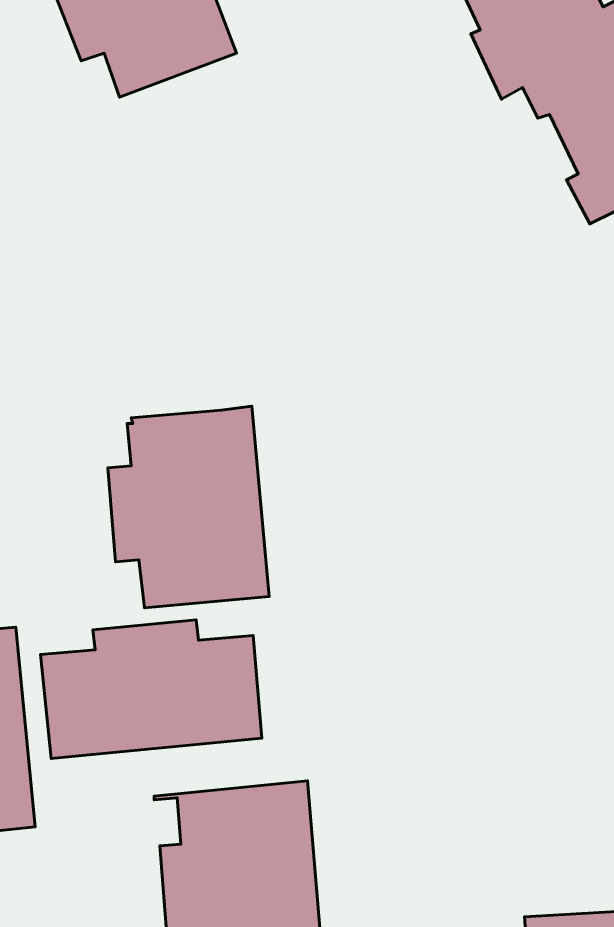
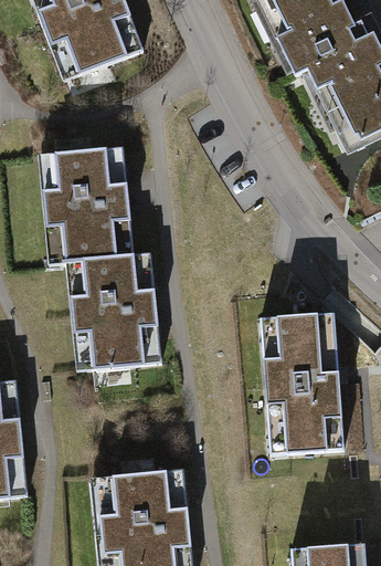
building: none -> [39,146,133,263]
building: none -> [260,313,342,452]
building: [40,620,262,759] -> none

